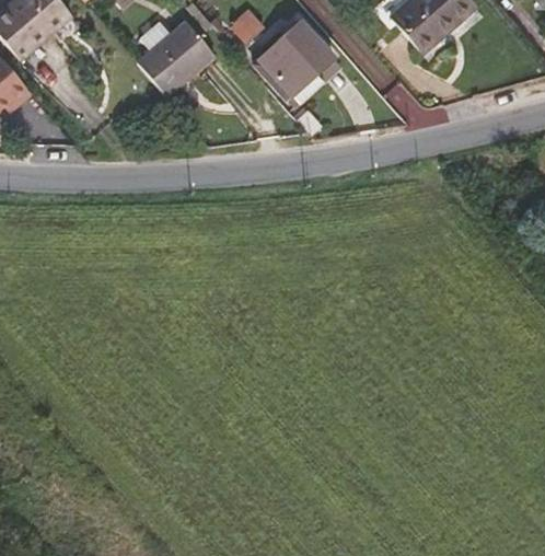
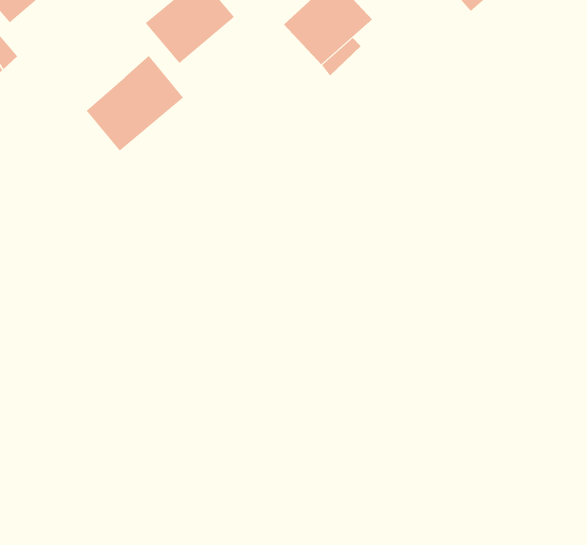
building: none -> [86,55,184,152]

